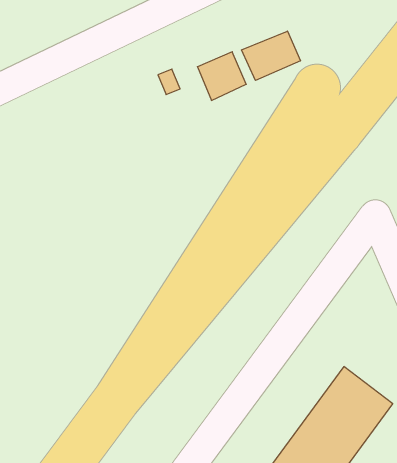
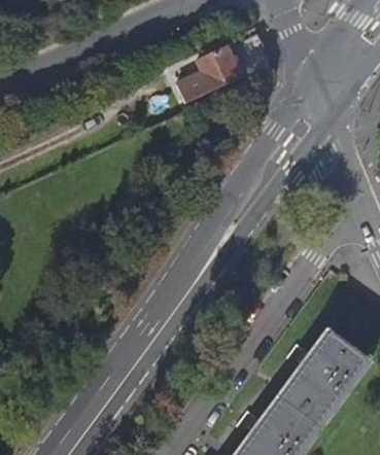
building: [241,31,300,80] -> none

